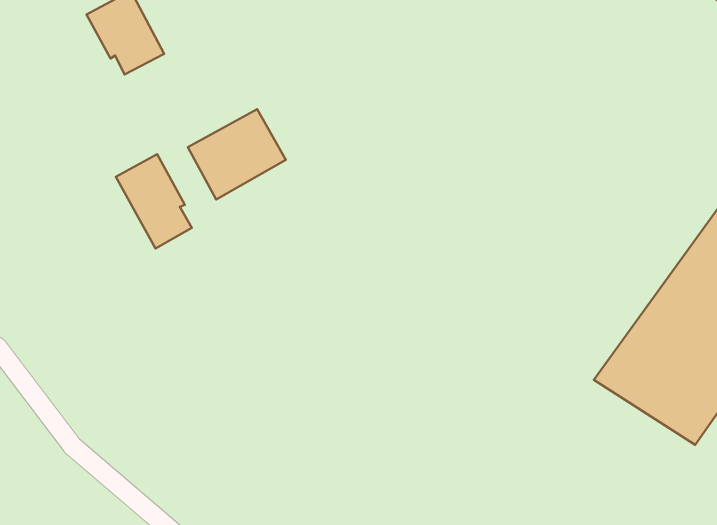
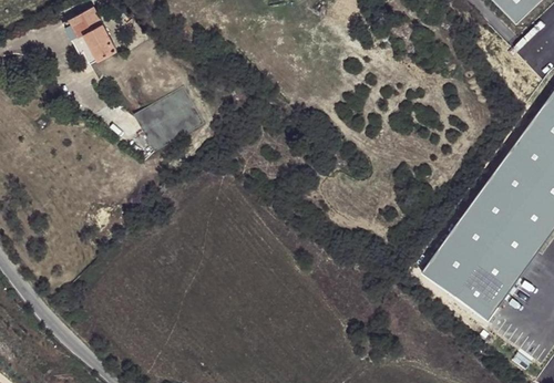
building: [116,154,192,248] -> none

